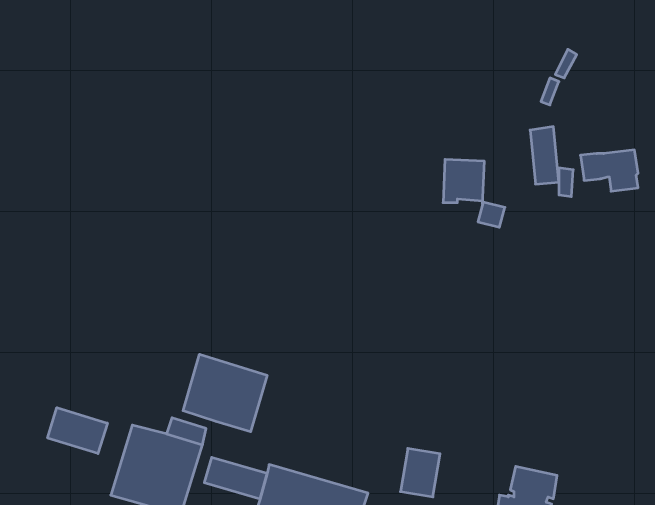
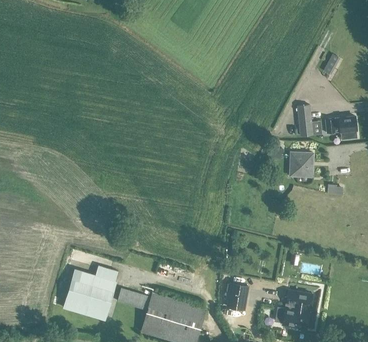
building: [443,159,484,204] -> [290,153,313,178]
building: [183,354,267,432] -> none
building: [48,408,107,454] -> none

